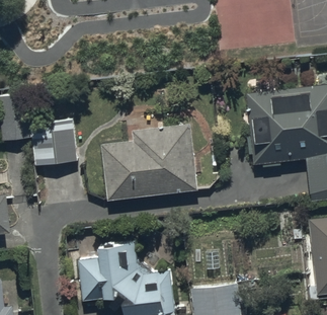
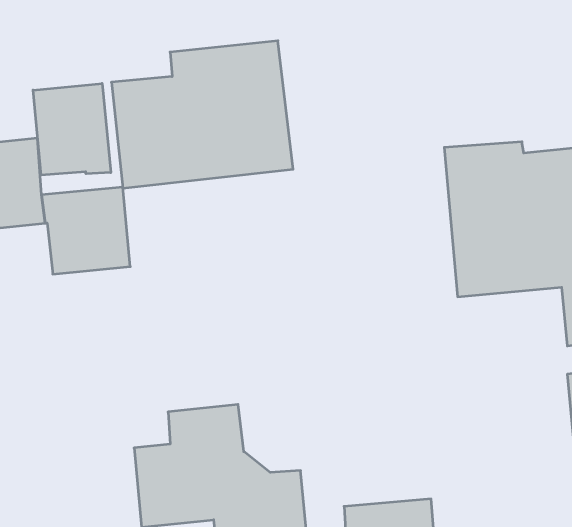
building: none -> [33,83,111,175]
building: [101,122,198,201] -> [111,41,293,188]

